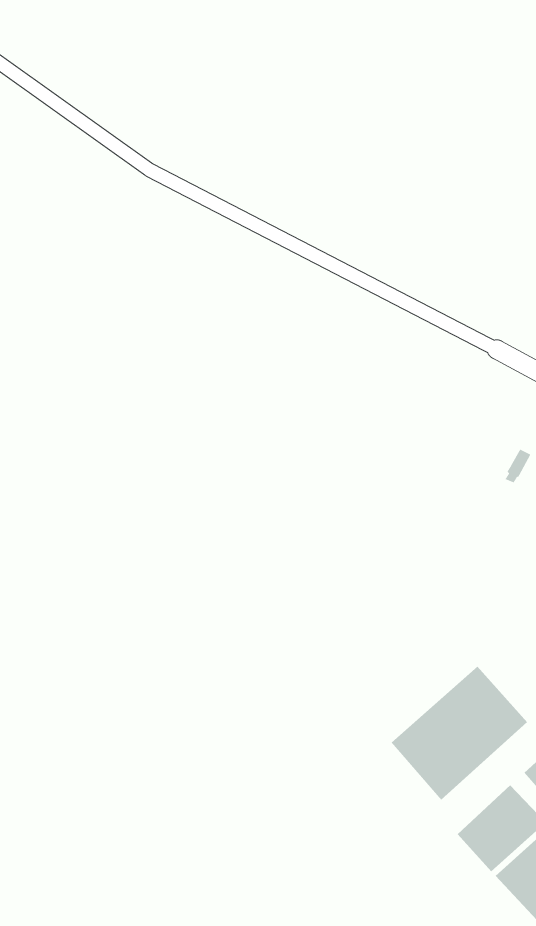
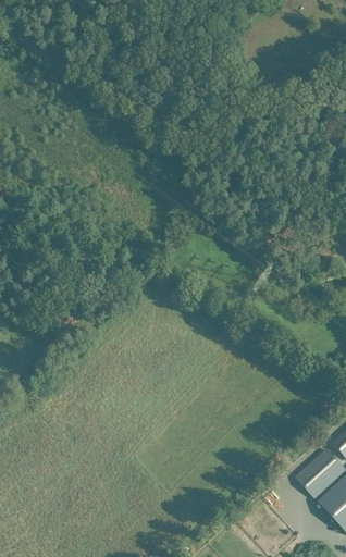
building: [391,666,528,801] -> none

